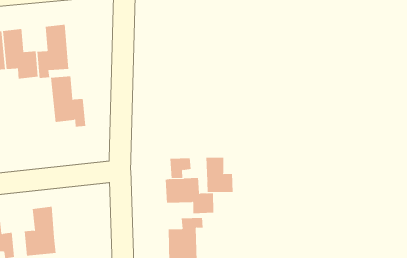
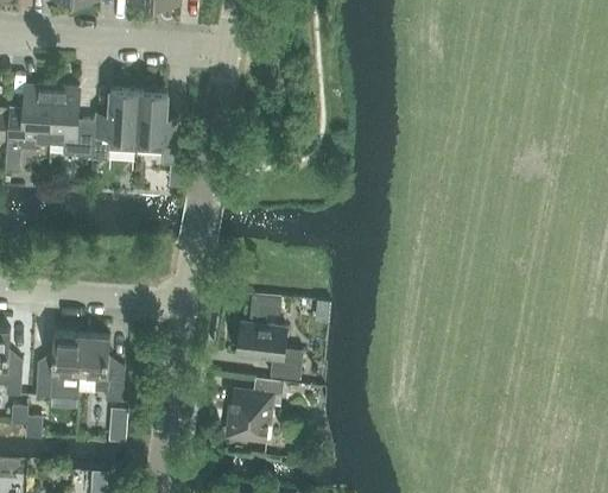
building: [50,76,86,127] -> [135,90,179,164]
building: [206,157,233,193] -> none
building: none -> [78,334,124,402]

